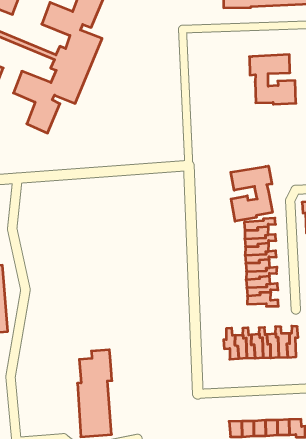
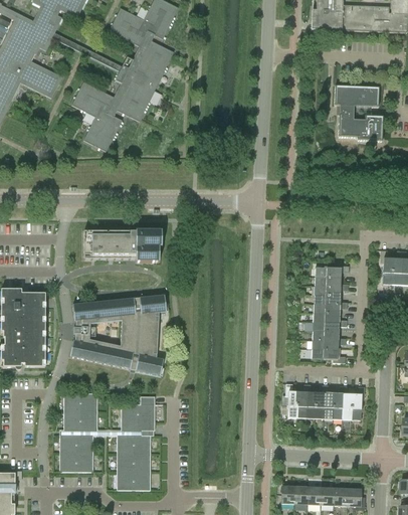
building: [231,166,272,221] -> none
building: none -> [83,230,162,262]
building: none -> [70,294,166,374]
building: none -> [59,392,97,471]

